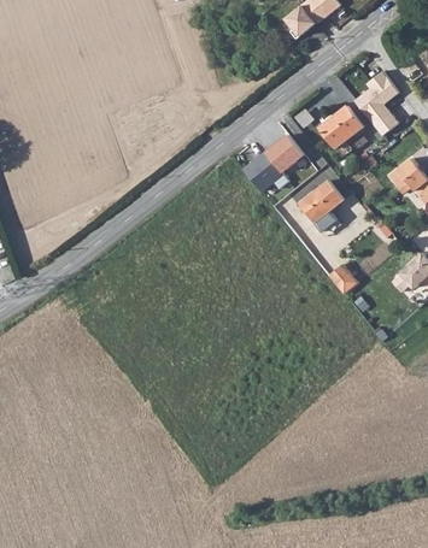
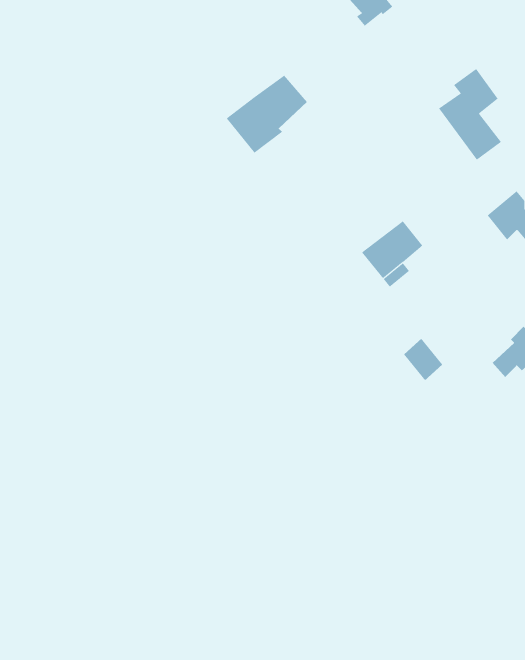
building: [319,105,364,148] -> none
building: [240,132,299,189] -> [226,75,308,154]

